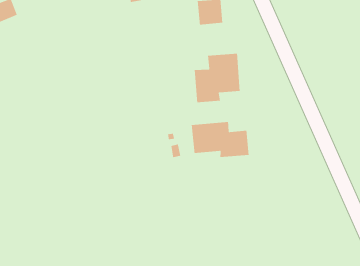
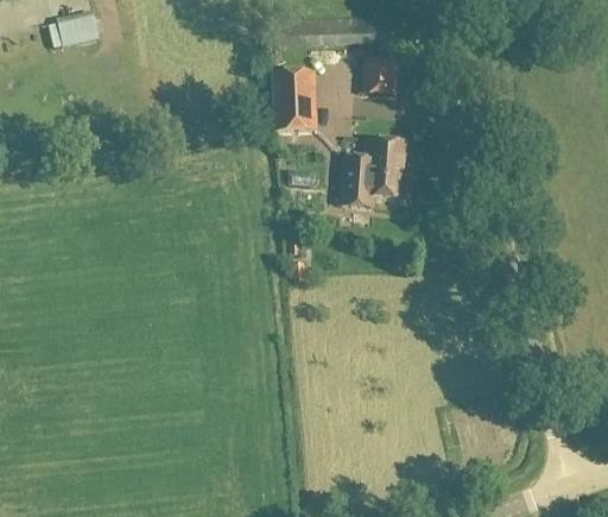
building: none -> [271,69,317,130]
building: [191,121,249,158] -> none

